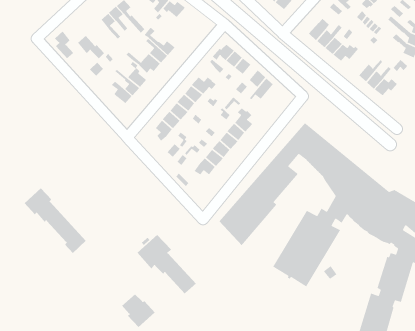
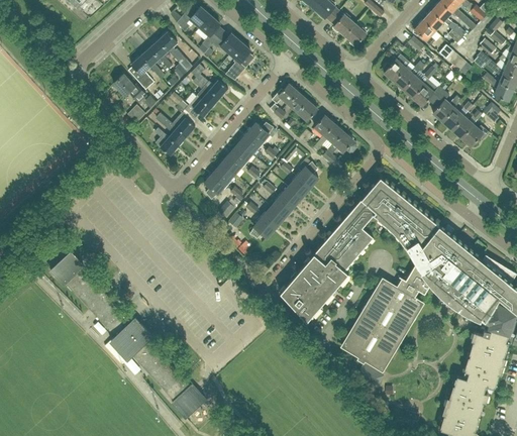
building: none -> [226,42,252,81]
building: [54,31,74,59] -> [130,57,153,90]
building: none -> [432,91,460,122]
building: none -> [322,132,356,167]
building: [136,234,197,296] -> [110,319,181,392]

